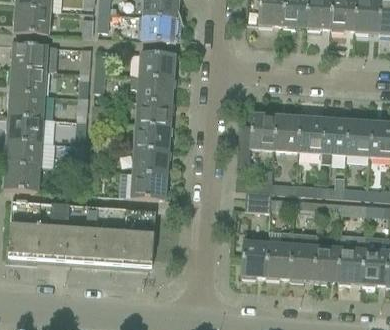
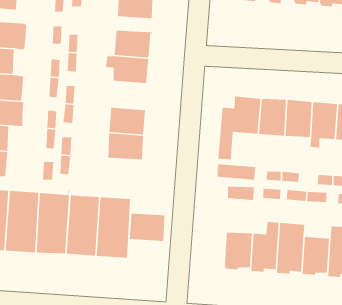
building: [136,101,172,128] -> none
building: [131,173,167,200] -> [129,213,167,242]

